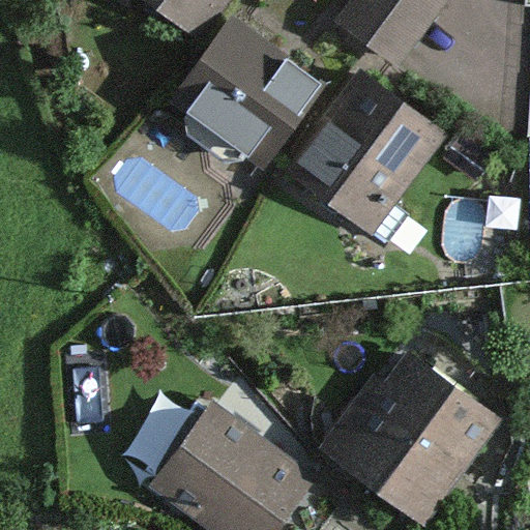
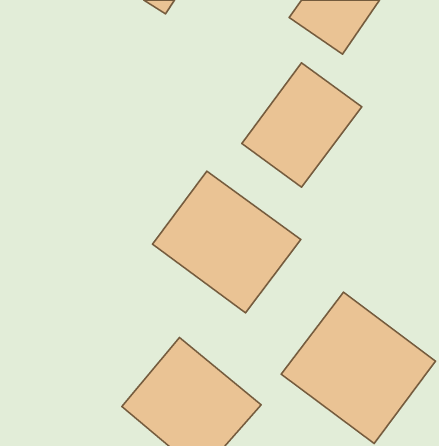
building: [164,14,310,156] -> none
building: none -> [152,171,301,313]

